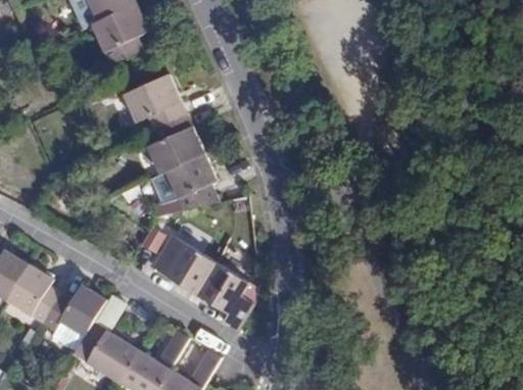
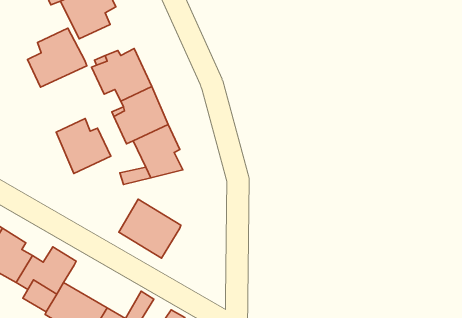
building: none -> [27,28,87,87]
building: none -> [56,119,111,174]
building: [196,260,253,332] -> none

